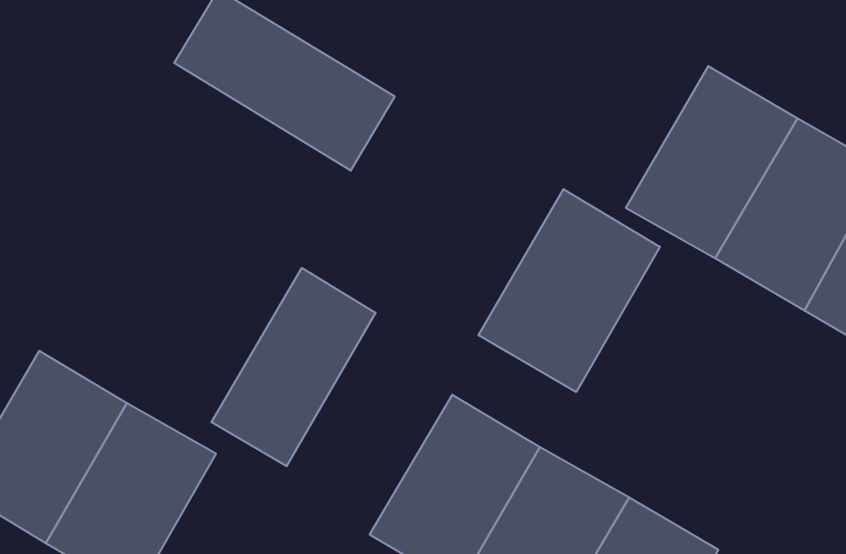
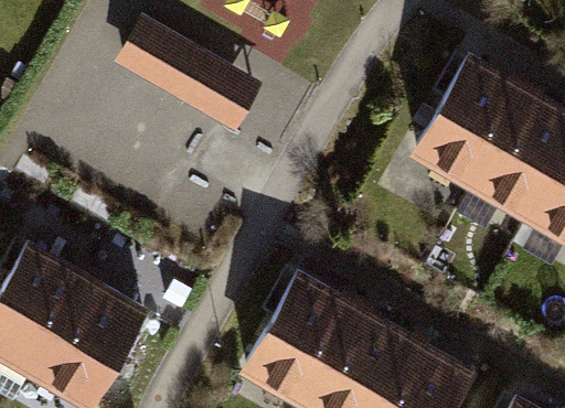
building: [478,189,660,392] -> none
building: [211,268,376,466] -> none

